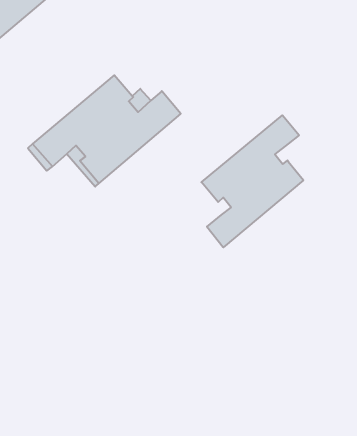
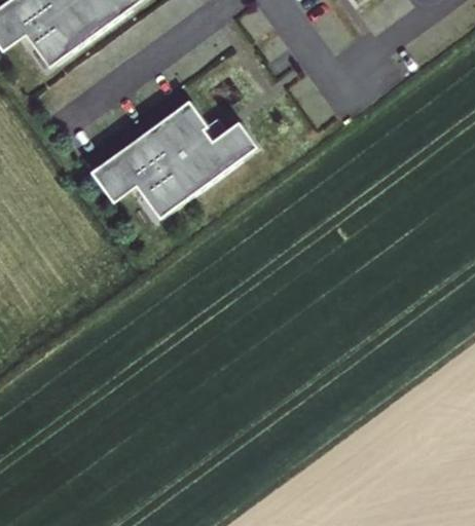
building: [201,115,303,247] -> none

